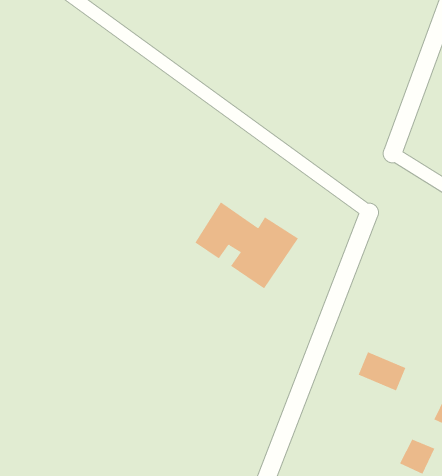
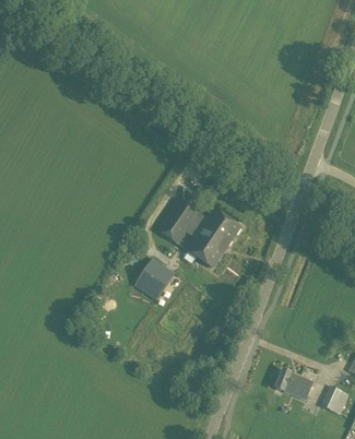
building: none -> [133,257,175,300]
building: [358,351,406,391] -> [275,368,313,400]

